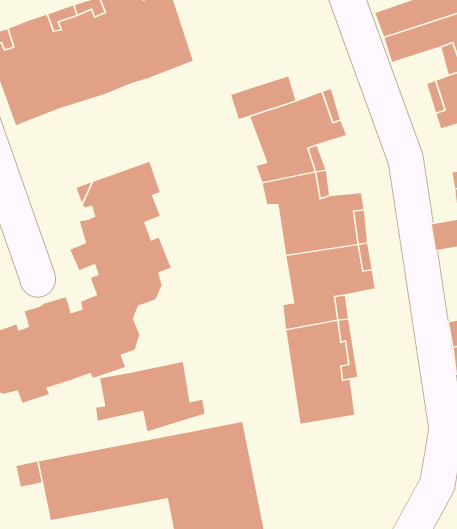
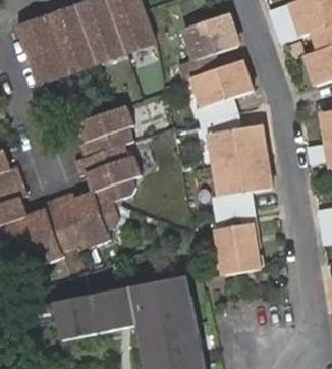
building: none -> [183,13,240,58]
building: [95,361,205,432] -> none

